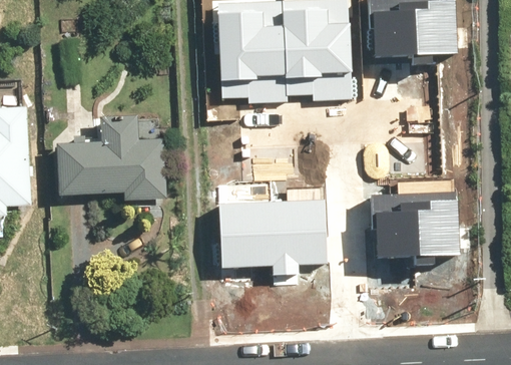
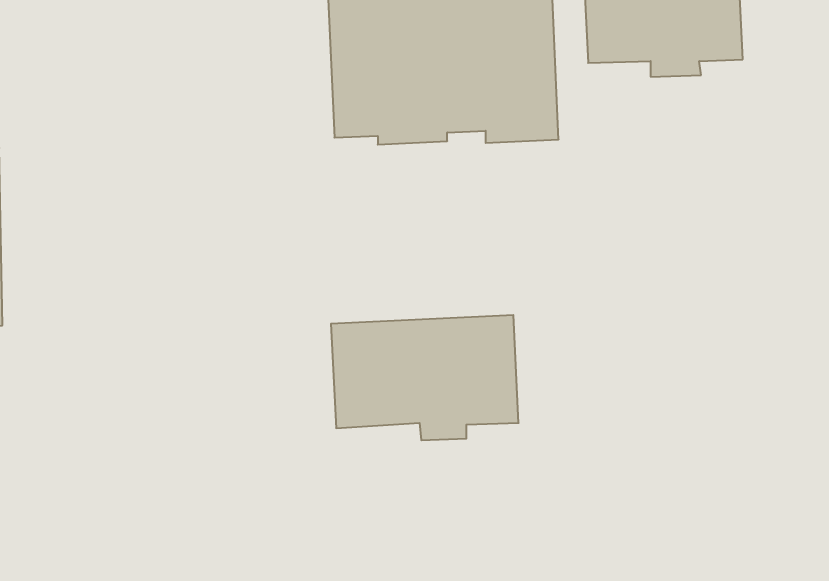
building: [55,118,162,202] -> none
building: [369,191,457,264] -> none

